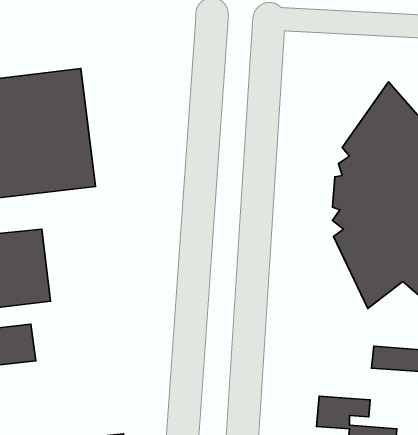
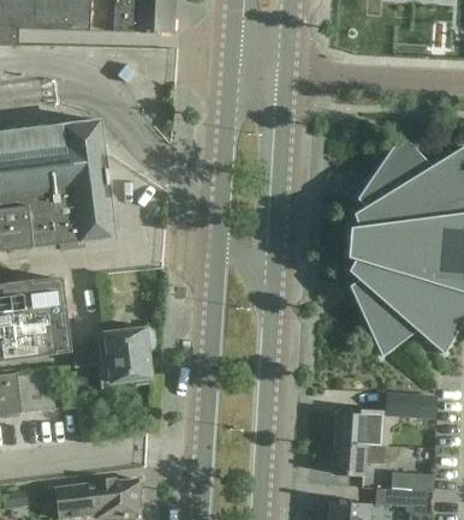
building: none -> [75,325,155,392]
building: none -> [334,408,386,446]

